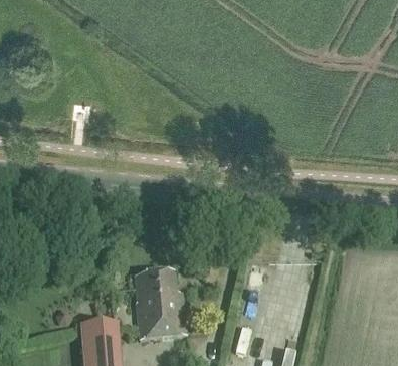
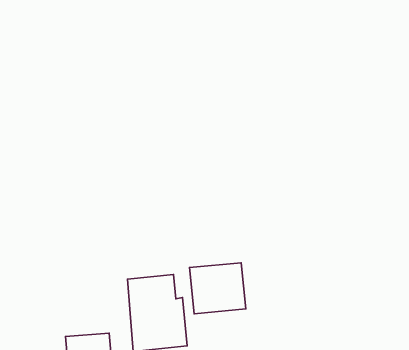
building: none -> [189,263,246,314]

